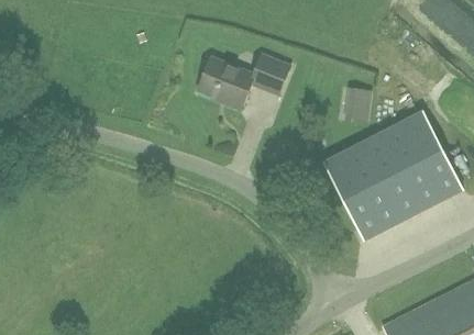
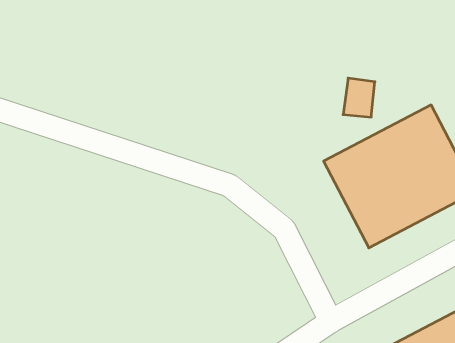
building: [197,53,289,109] -> none

